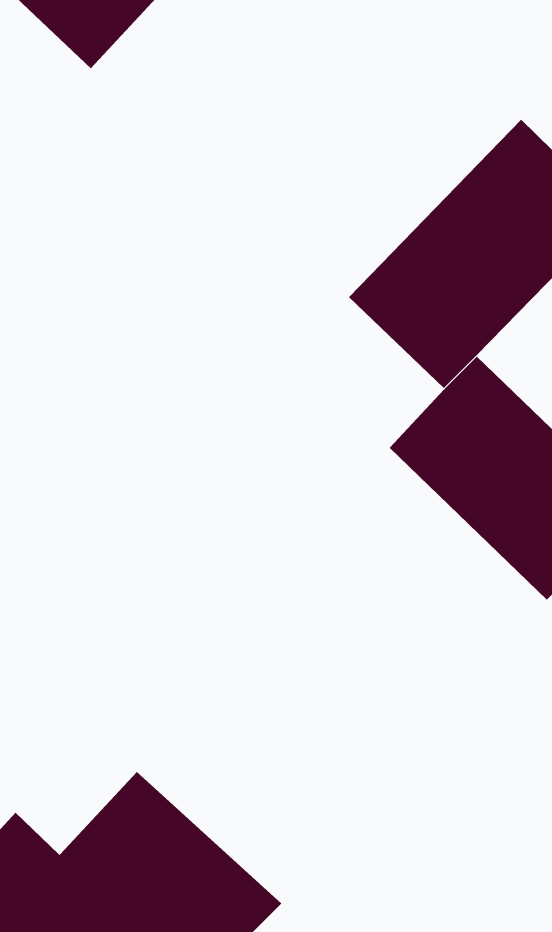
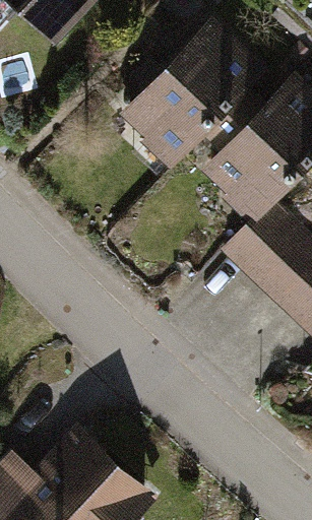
building: none -> [116,14,266,164]

